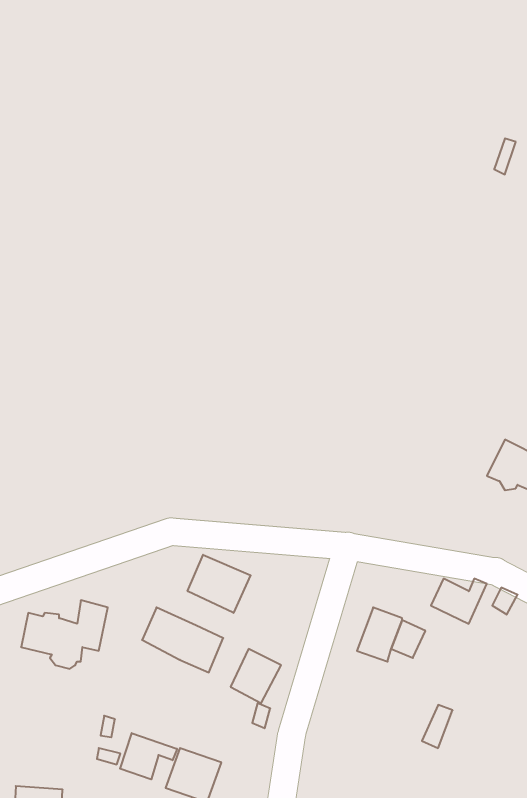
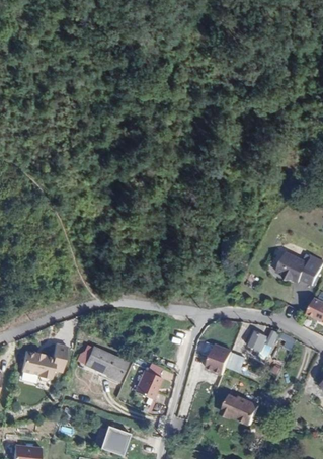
building: [188,555,251,613] -> none
building: none -> [221,394,249,420]
building: [120,733,177,779] -> none

